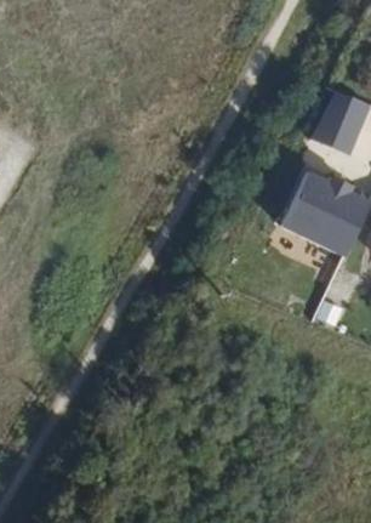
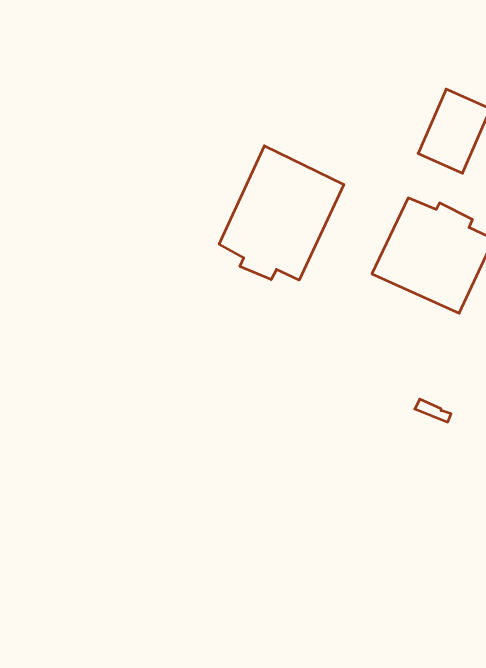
building: none -> [219,146,344,280]

